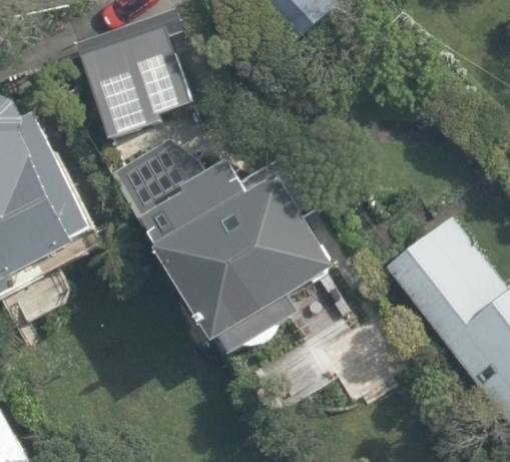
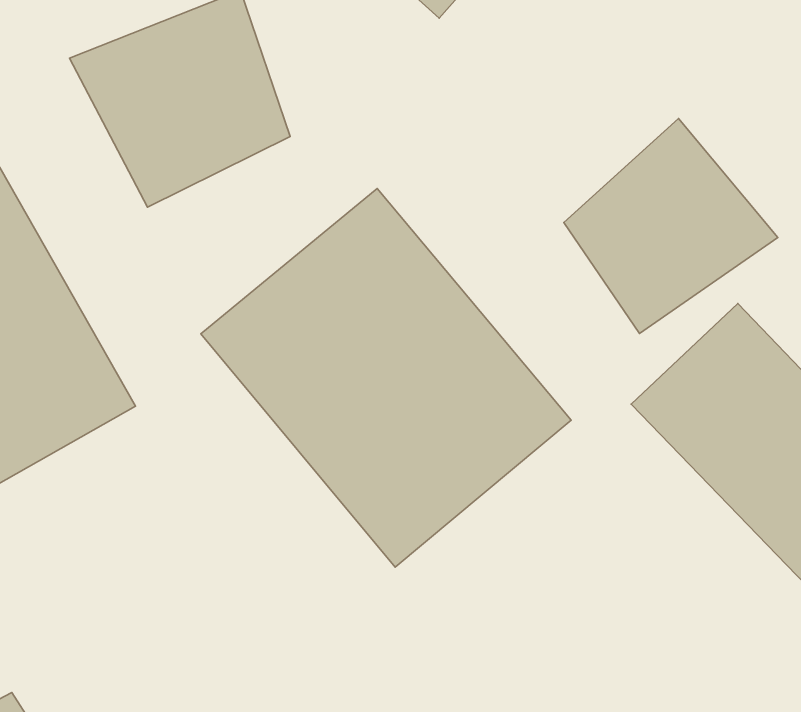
building: none -> [564,118,778,334]

